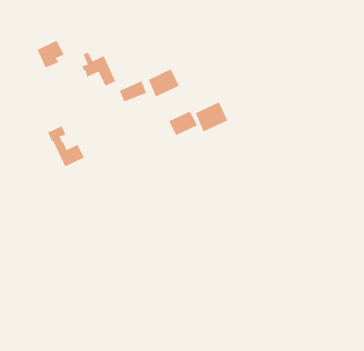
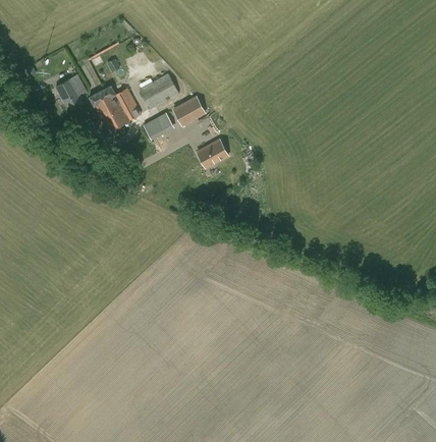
building: none -> [139,73,178,110]
building: [195,101,228,132] -> none
building: [47,125,85,168] -> [88,89,128,132]

